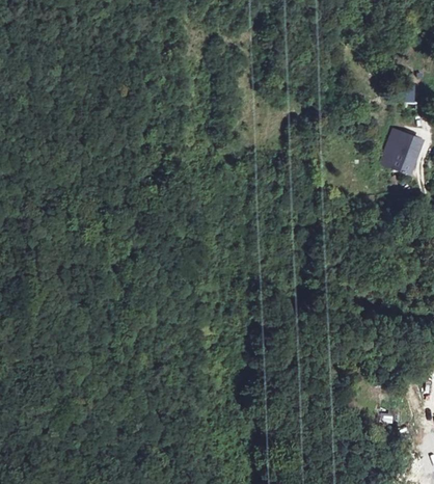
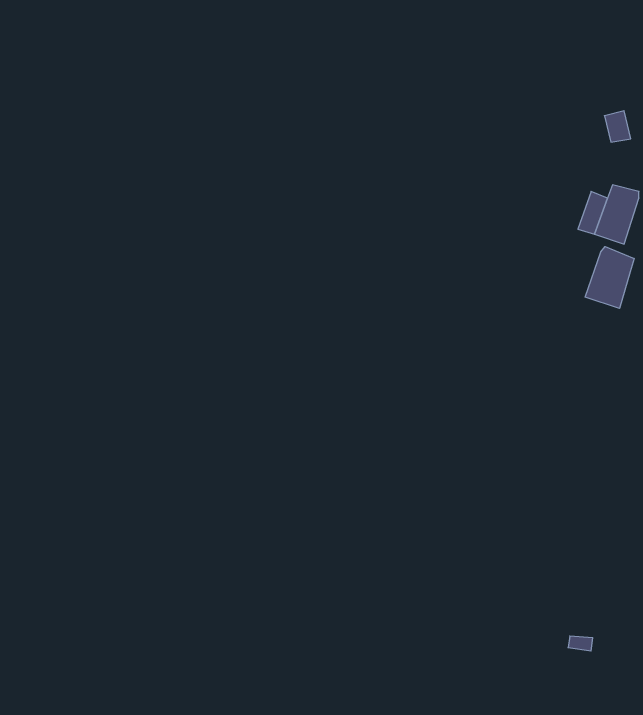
building: none -> [585,247,634,308]

